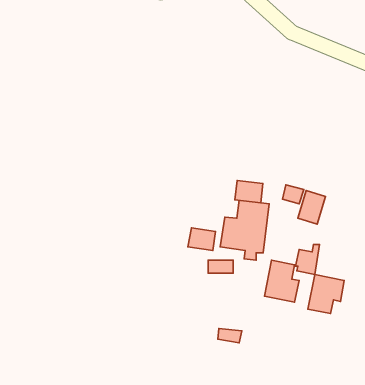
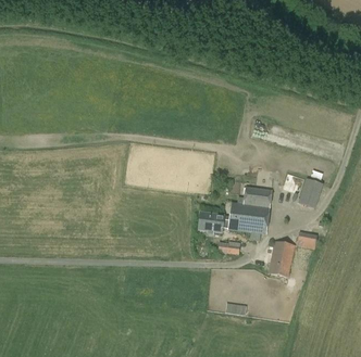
building: [235,180,263,203] -> none
building: [308,275,344,313] -> none

